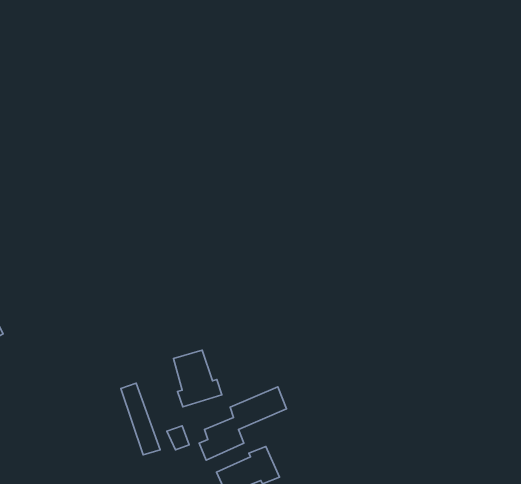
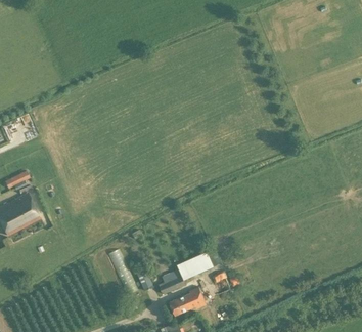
building: [174,350,222,407] -> none

